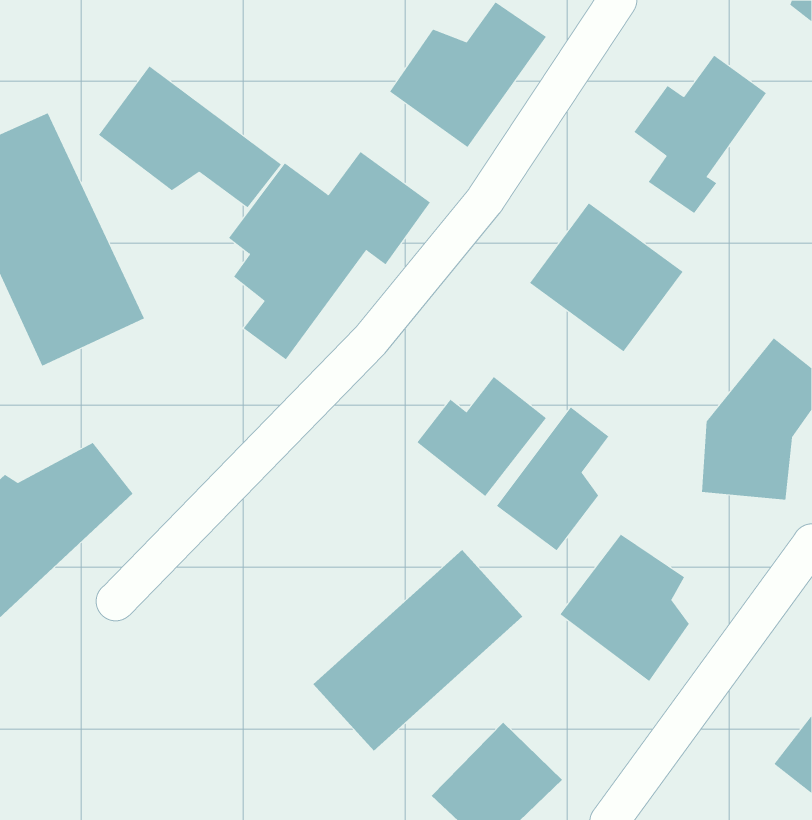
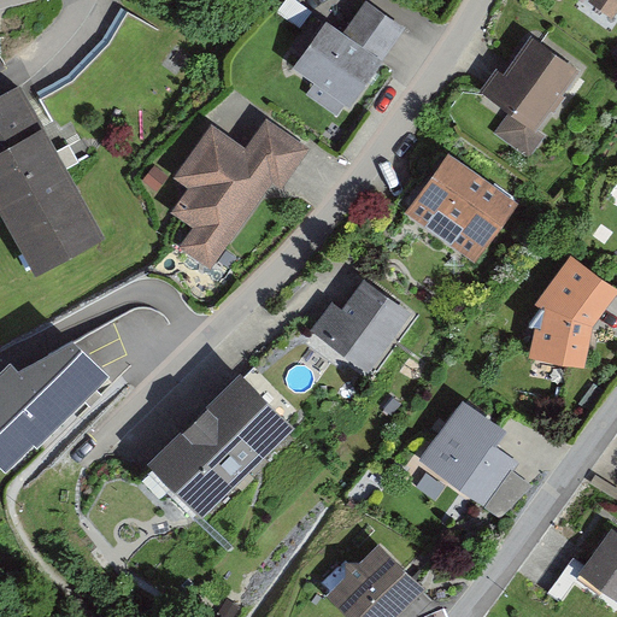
building: [98,66,282,208] -> none
building: [496,406,609,551] -> none
building: [313,549,523,752] -> [140,368,298,519]

